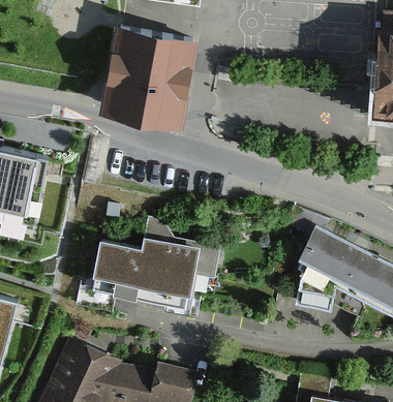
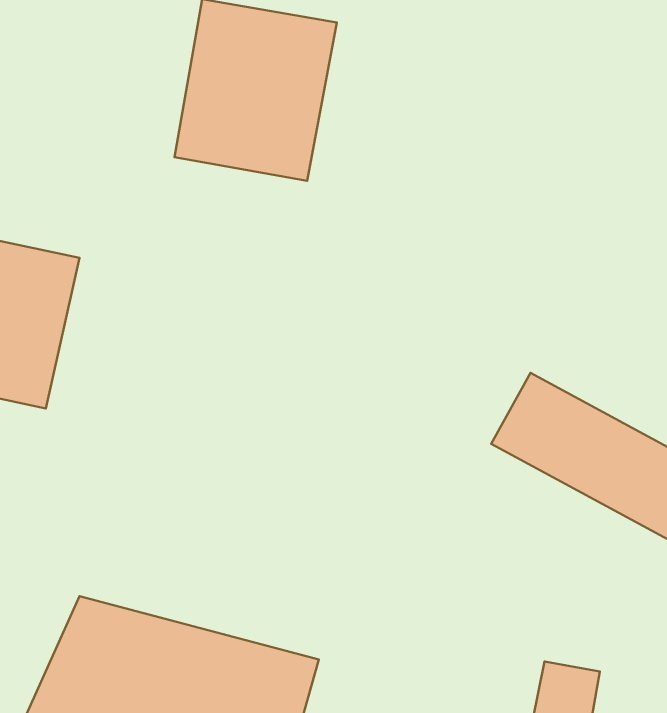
building: [93,214,221,309] -> none

